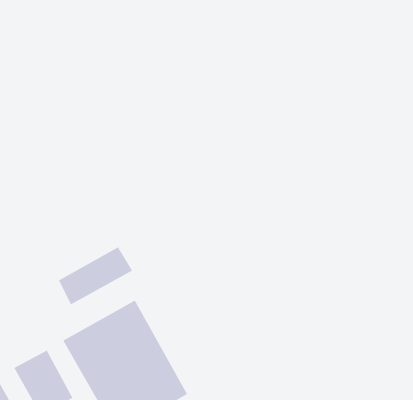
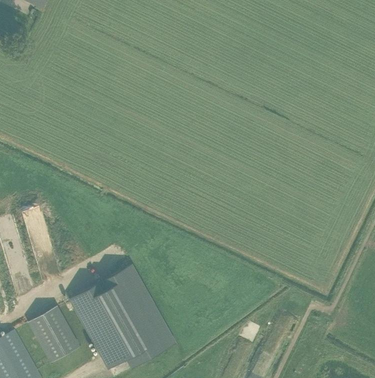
building: [58,246,133,305] -> none

